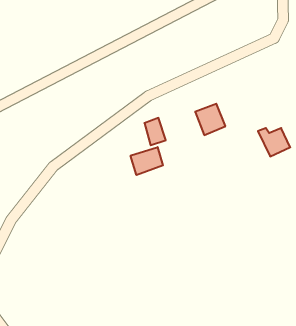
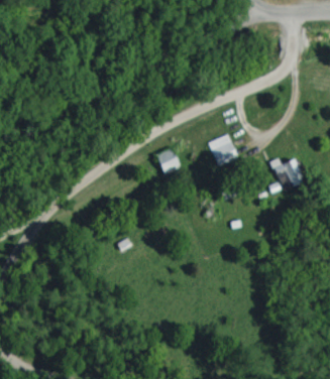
building: [131,147,163,175] -> none

